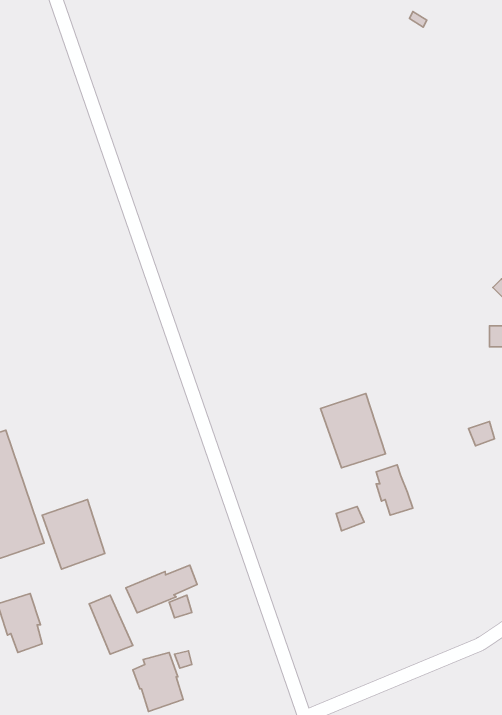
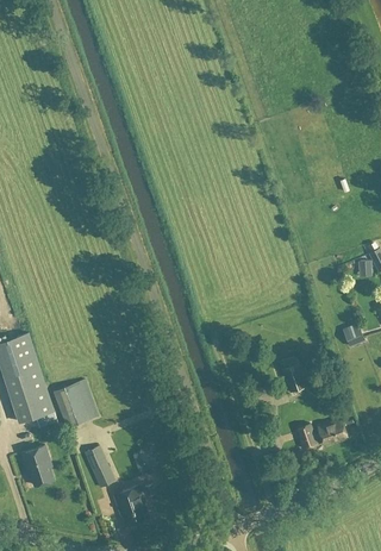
building: [320,393,386,468] -> none
building: none -> [295,419,346,447]
building: [126,565,197,613] -> none

